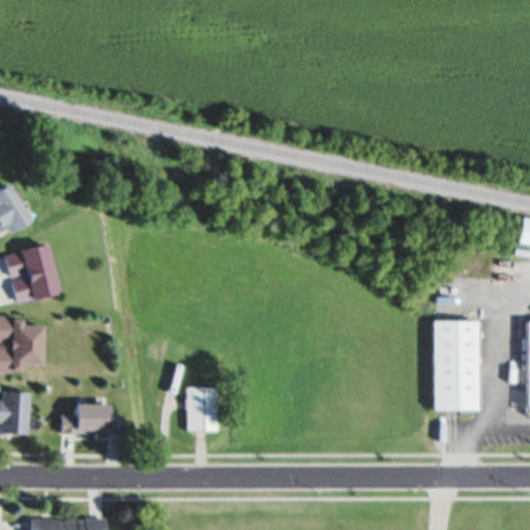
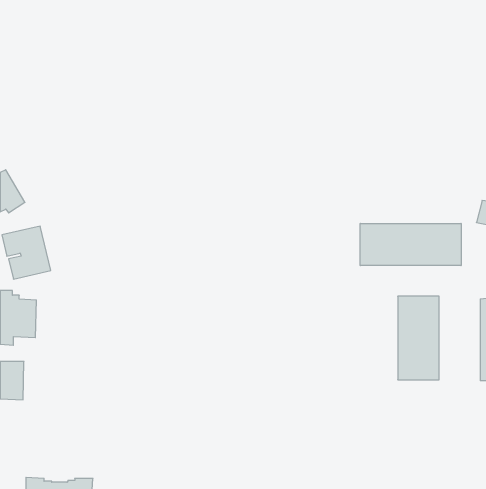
building: none -> [360,223,461,266]
building: [187,387,220,431] -> none
building: [63,403,124,434] -> none

